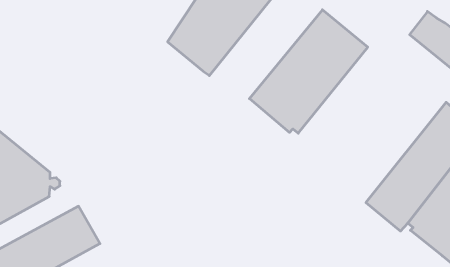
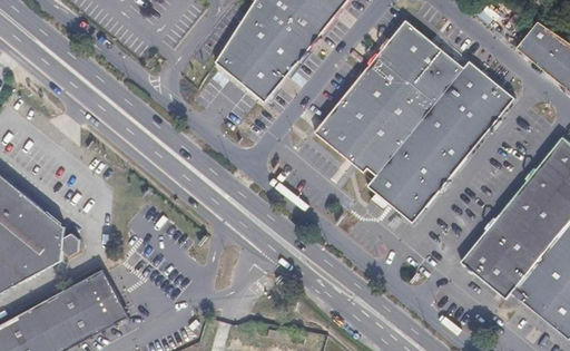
building: none -> [367,61,513,224]

